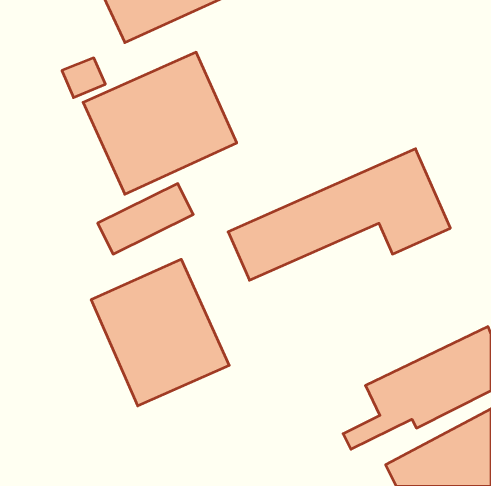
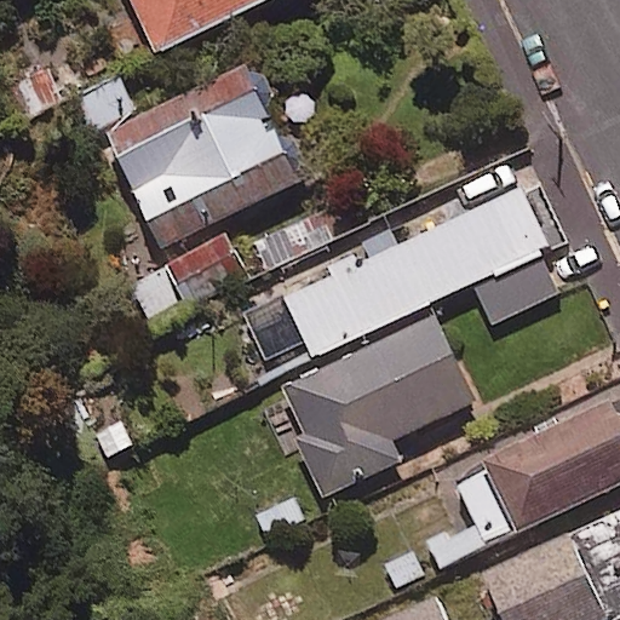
building: none -> [279,321,472,492]
building: [91,259,229,406] -> none

